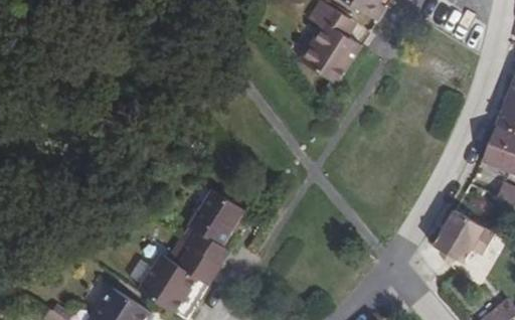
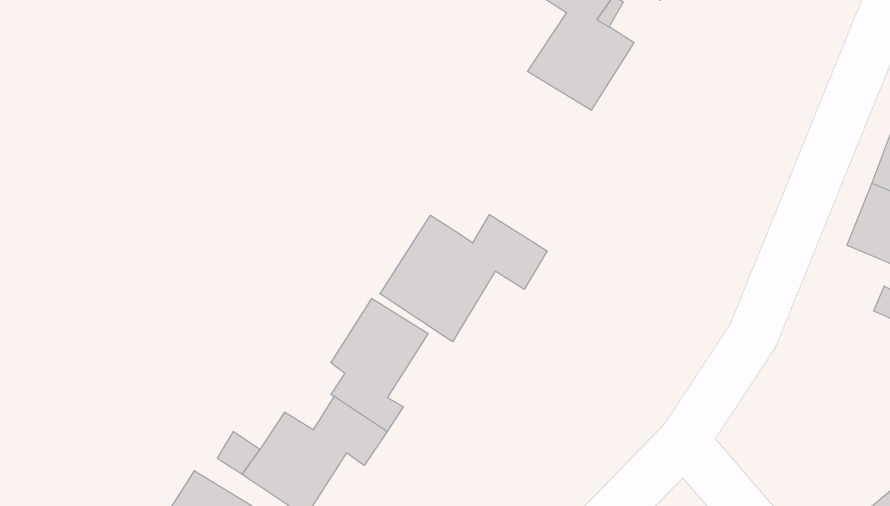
building: none -> [380,215,547,342]
building: [433,209,494,263] -> none

